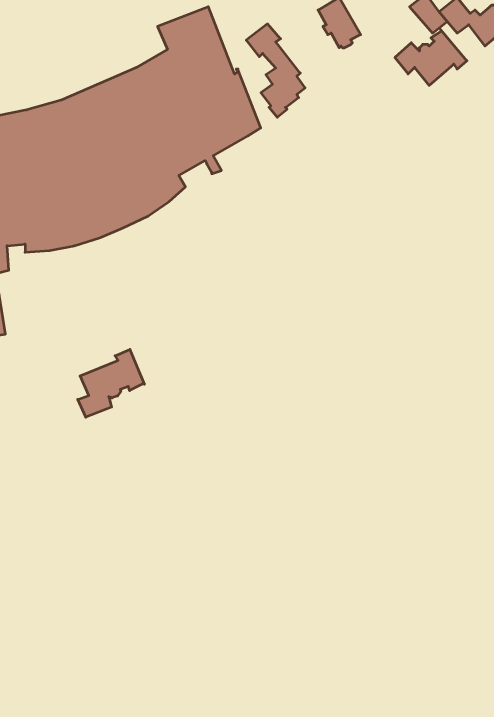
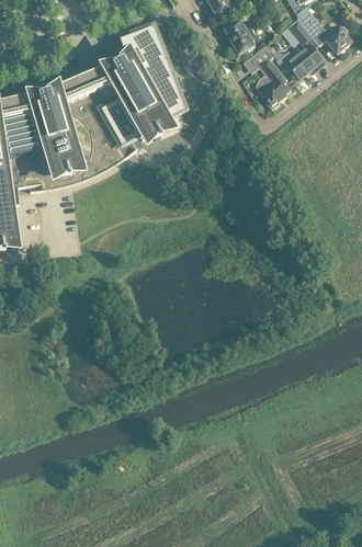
building: [246,24,305,117] -> [250,42,290,104]
building: [78,349,144,417] -> none

